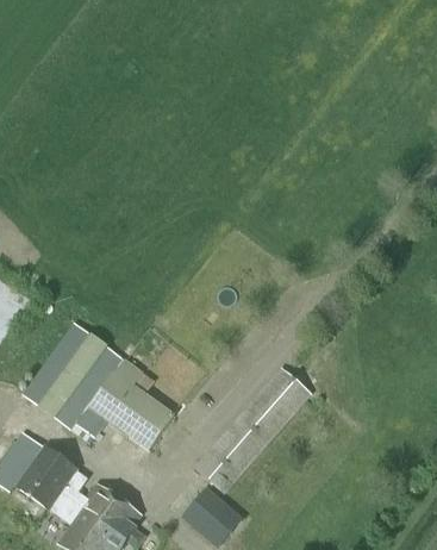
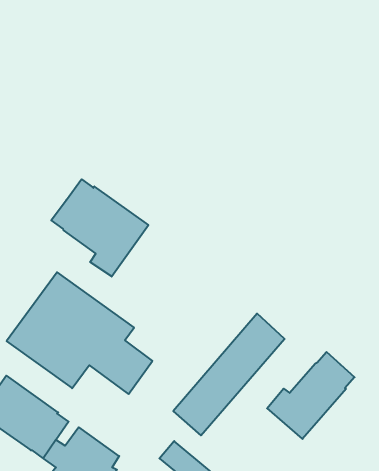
building: none -> [51,179,148,277]
building: none -> [267,352,355,439]

